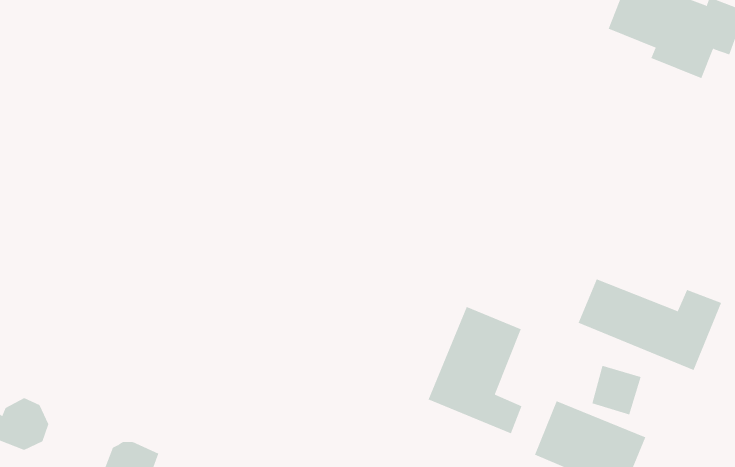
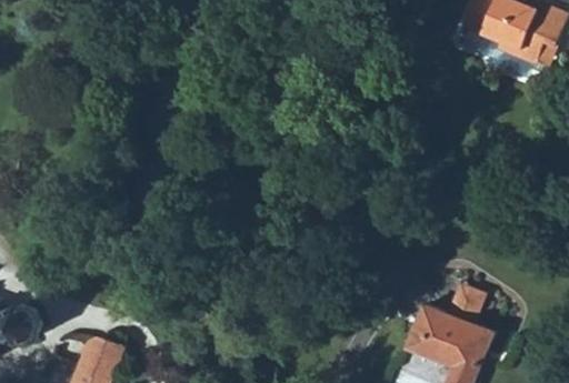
building: [578,278,722,371] -> none
building: [428,306,522,434] -> none

